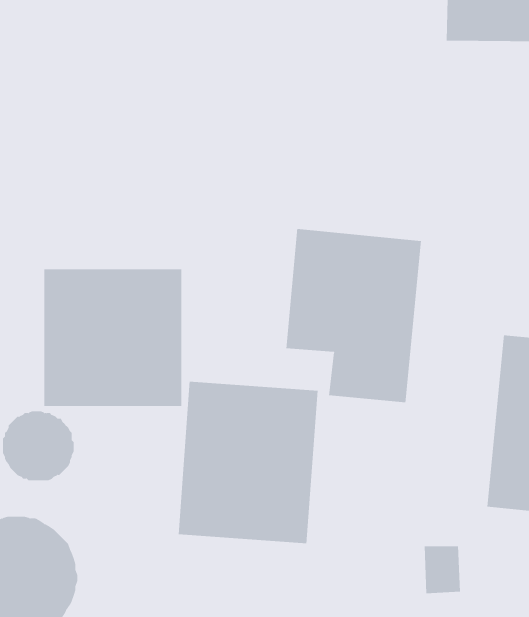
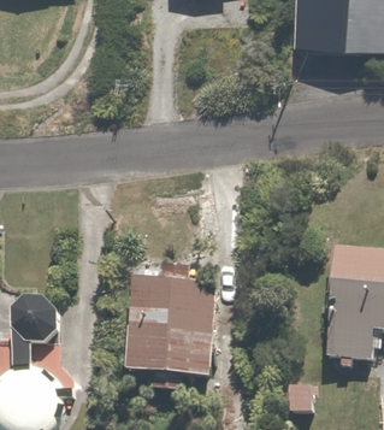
building: [286,228,422,403] -> none
building: [44,269,182,407] -> none

